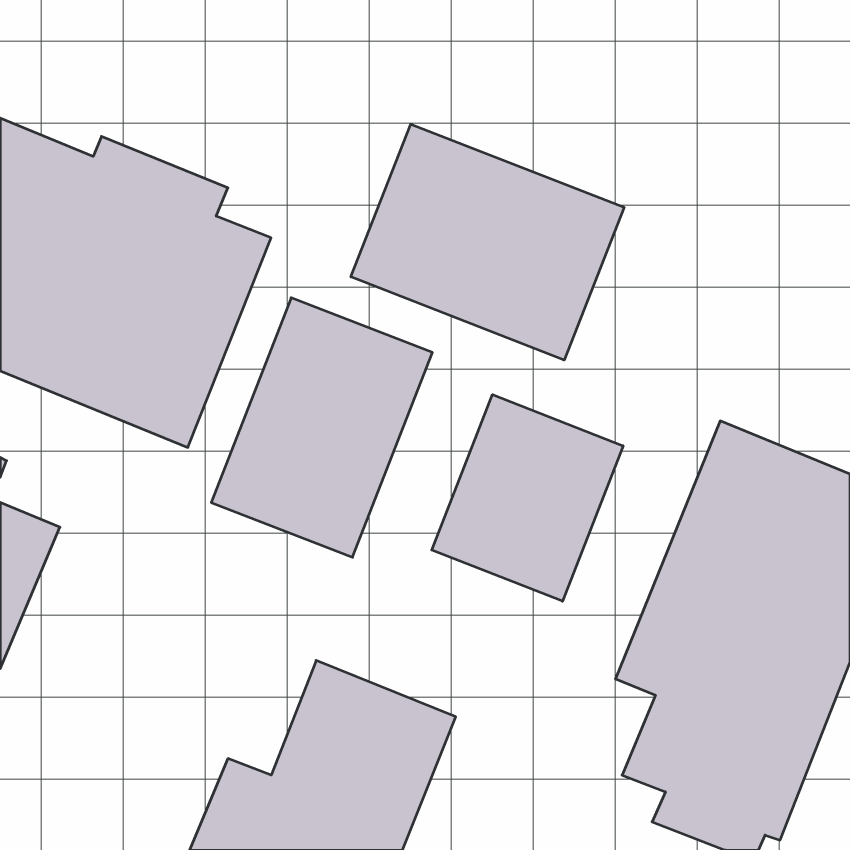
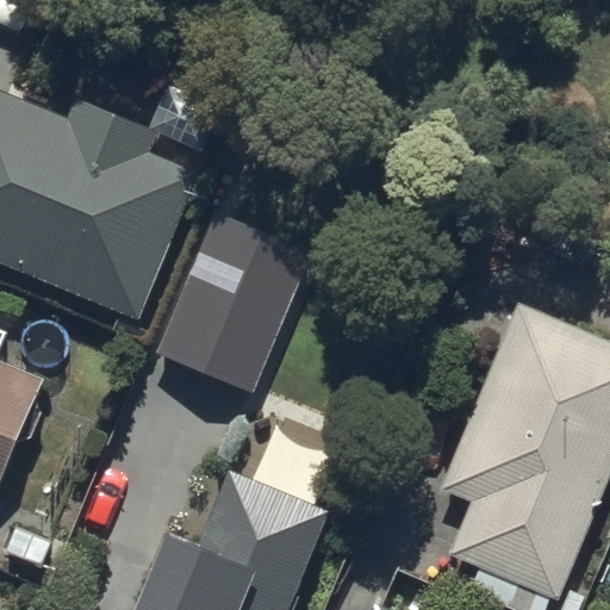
building: [351,124,624,360] -> none
building: [432,395,623,601] -> none

